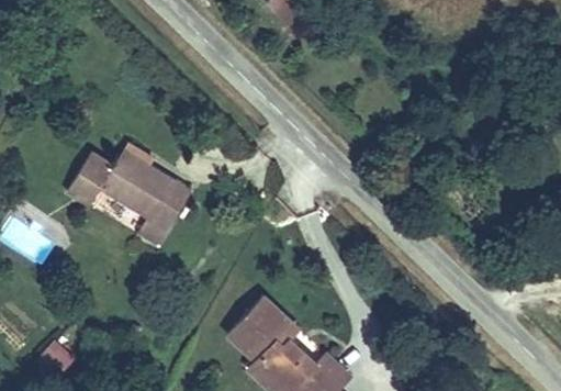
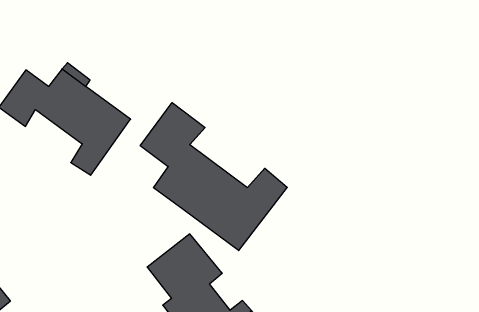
building: none -> [140,103,287,251]

